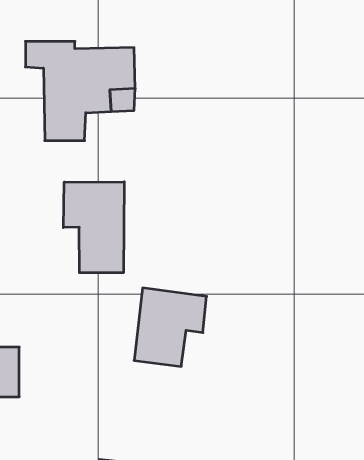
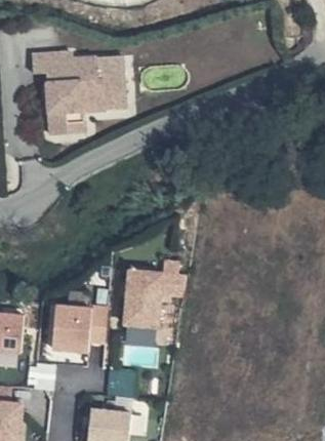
building: [63,182,124,273] -> none
building: none -> [54,303,107,349]

